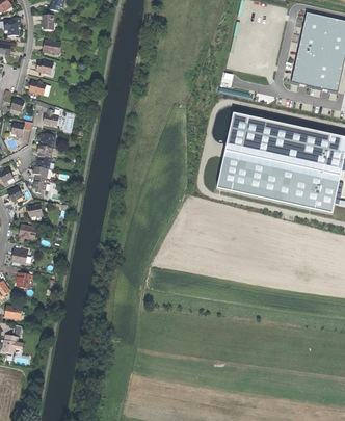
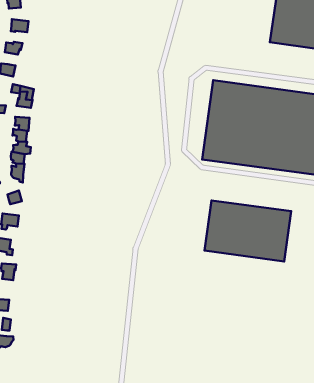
building: none -> [204,200,291,261]

